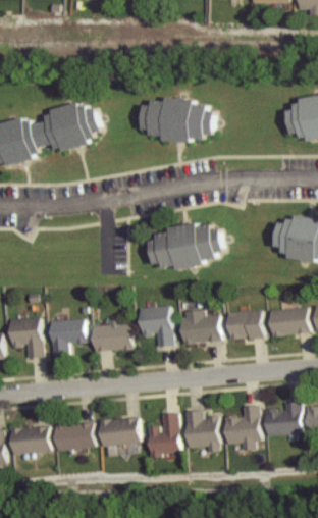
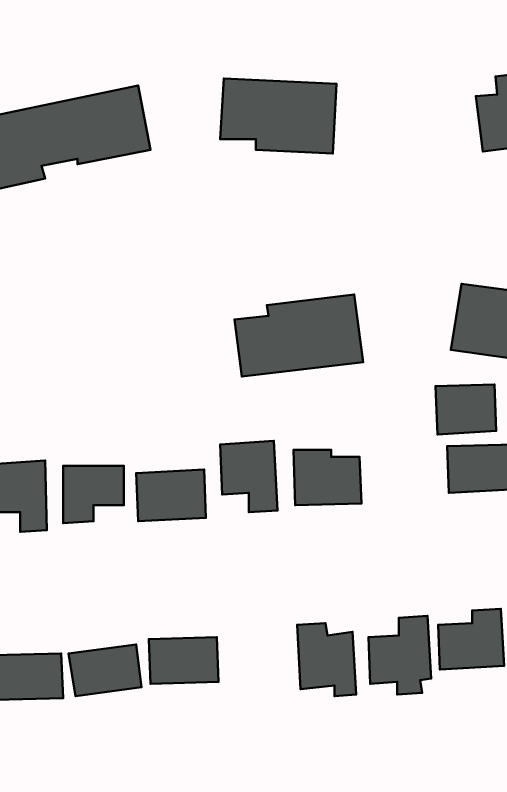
building: [226,311,261,340] -> [436,384,496,434]
building: [146,413,177,456] -> none

